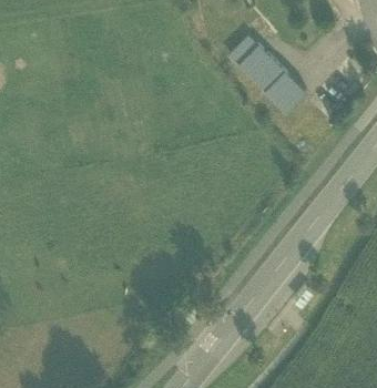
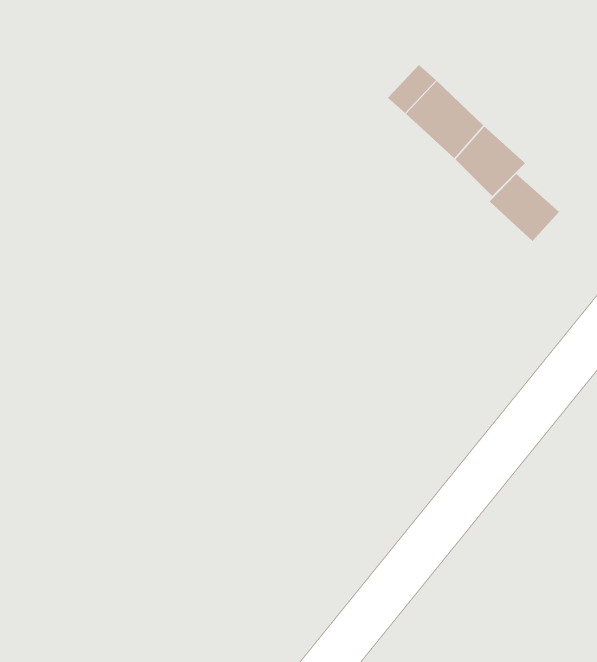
building: none -> [489,173,560,242]

